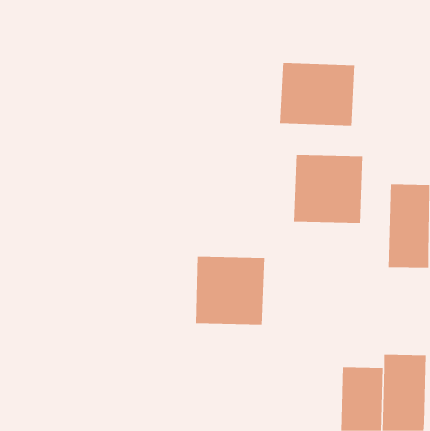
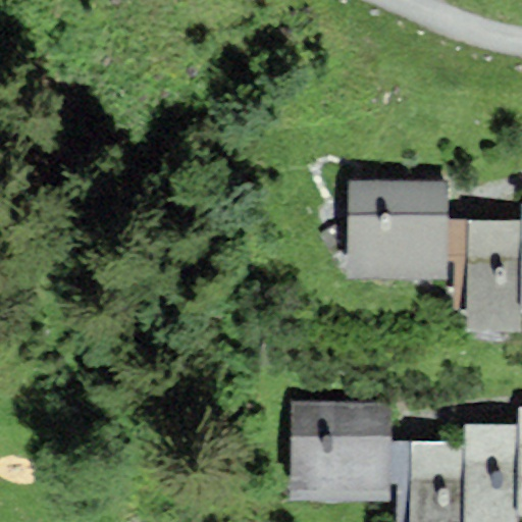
building: [280,62,355,126] -> none
building: [195,256,265,325] -> [297,405,381,488]

